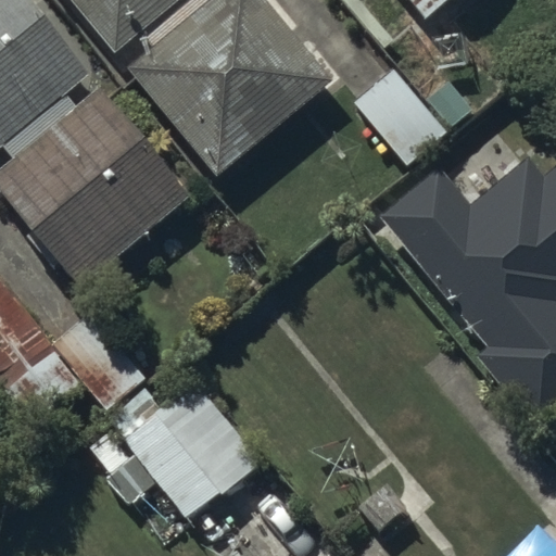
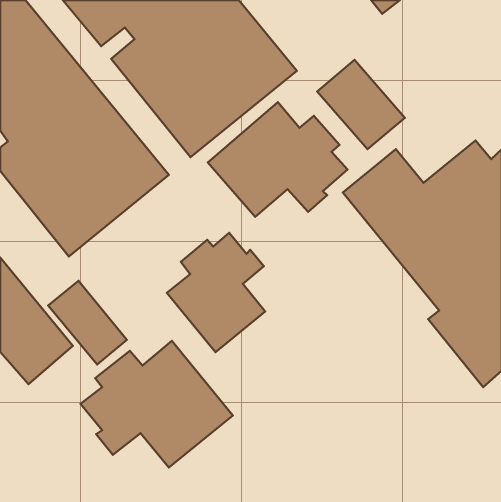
building: none -> [208,102,348,217]
building: none -> [167,233,265,352]

